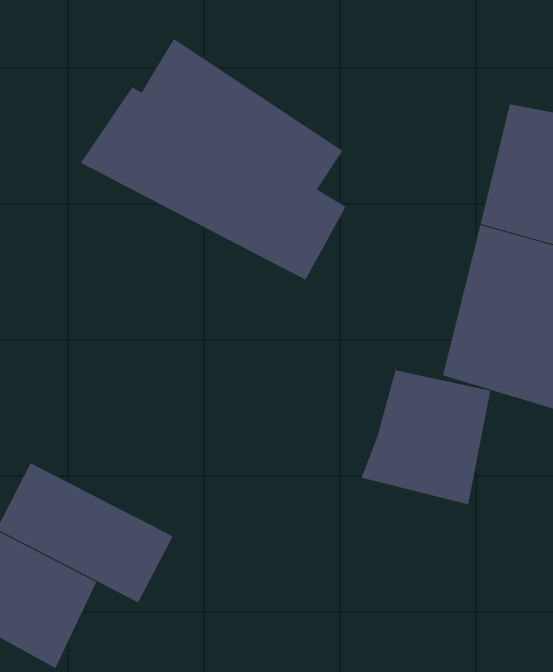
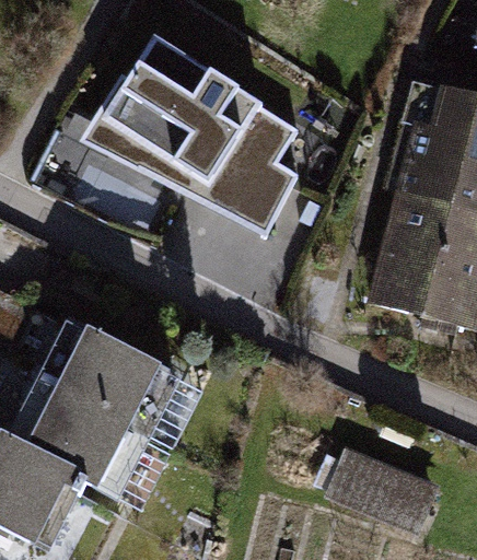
building: [361,369,491,505] -> none
building: none -> [37,320,183,438]
building: none -> [318,441,435,538]

